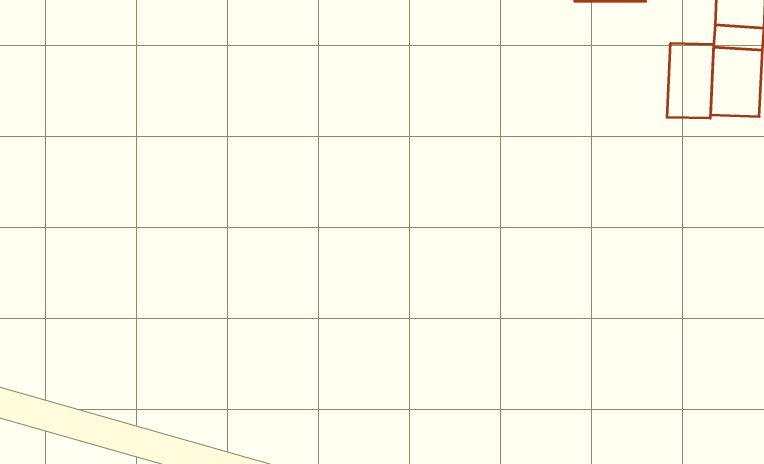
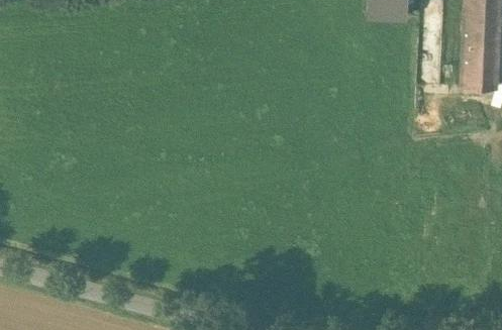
building: [667,43,714,118] -> none

